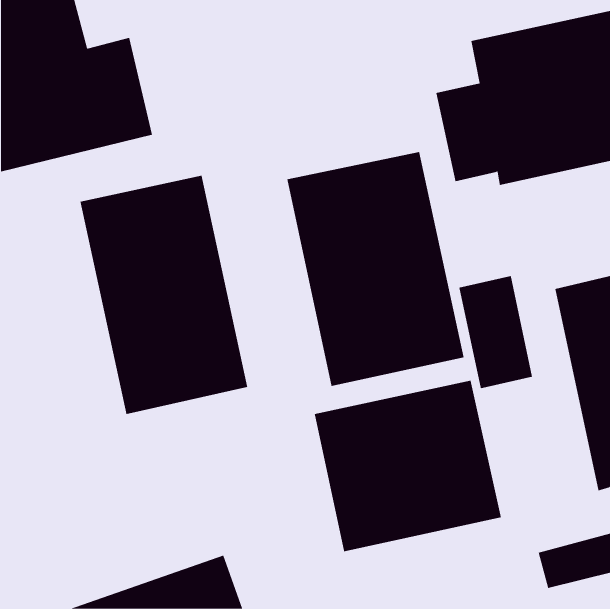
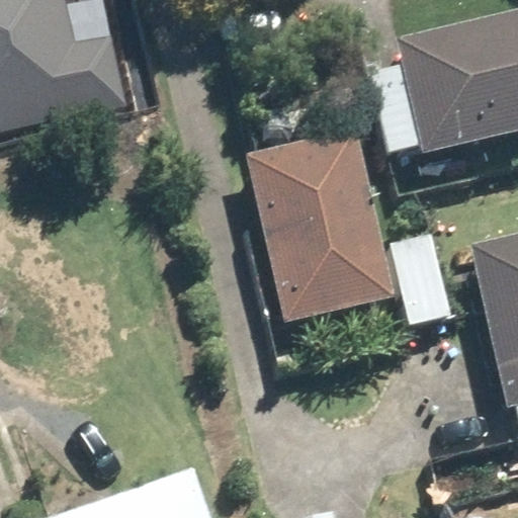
building: [80,175,248,415] -> none
building: [314,380,502,552] -> none

